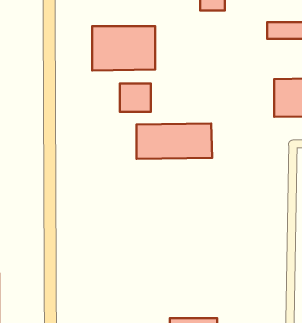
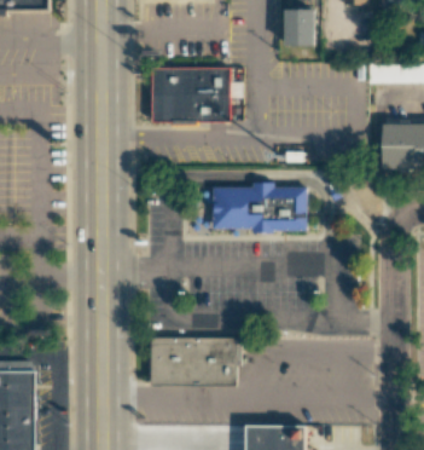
building: [120,84,151,112] -> none
building: none -> [150,335,236,383]

